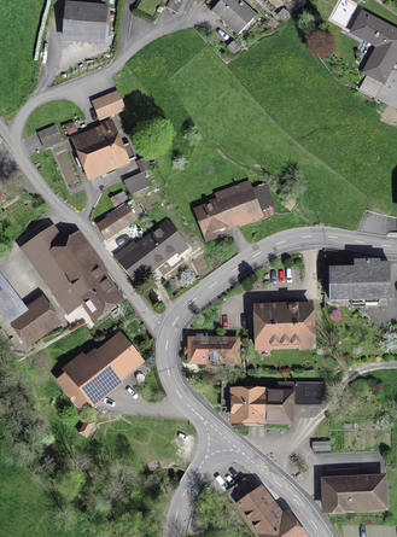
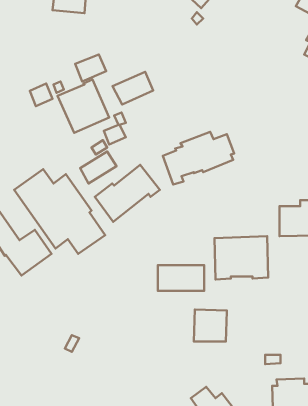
building: none -> [113,72,153,104]
building: [53,331,146,407] -> none
building: [267,379,325,425] -> none

